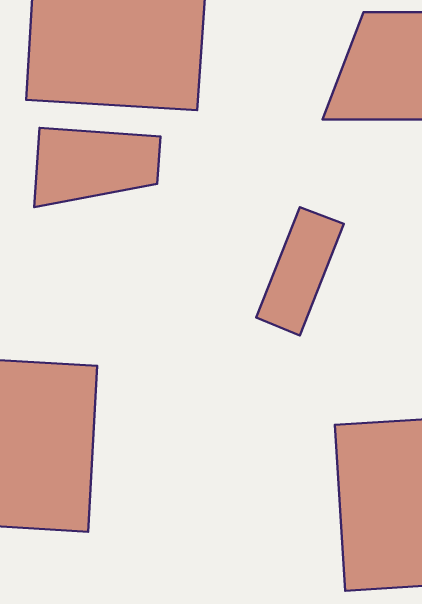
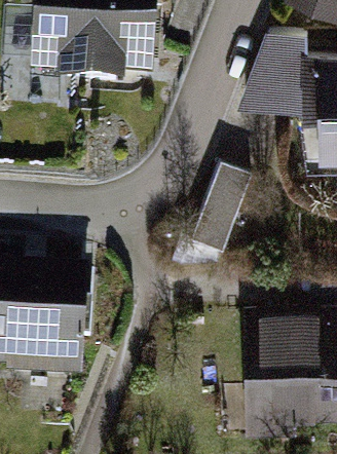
building: [34,128,160,207] -> none

